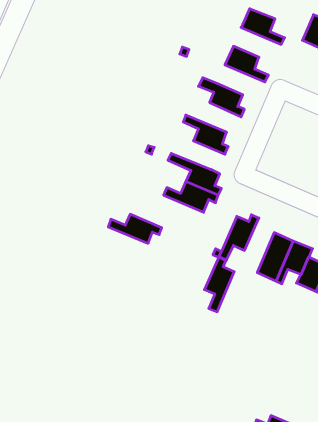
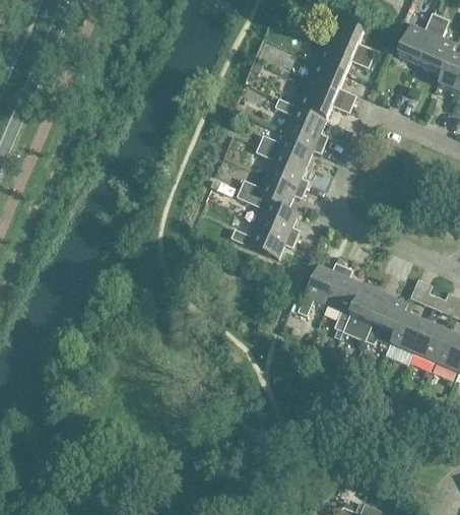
building: none -> [315,39,372,74]
building: none -> [295,83,352,119]
building: none -> [258,128,324,164]
building: [108,214,162,243] -> [241,174,305,208]
building: [204,257,234,312] -> [328,266,364,331]

